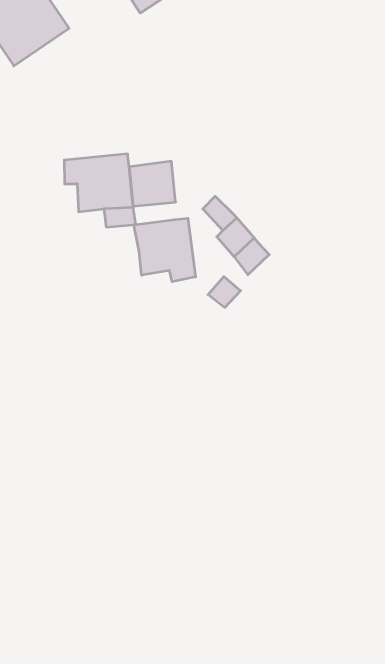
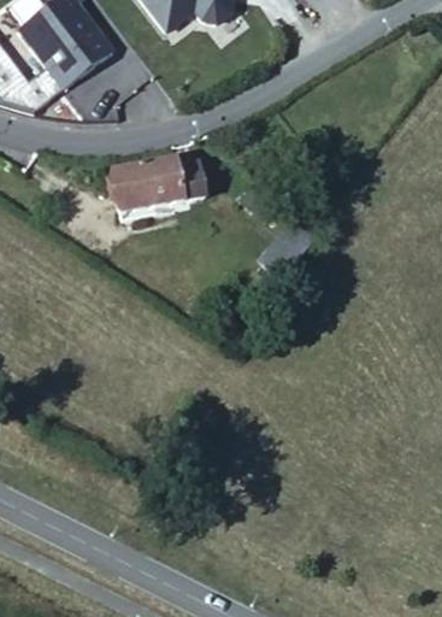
building: [134,218,196,282] -> none

